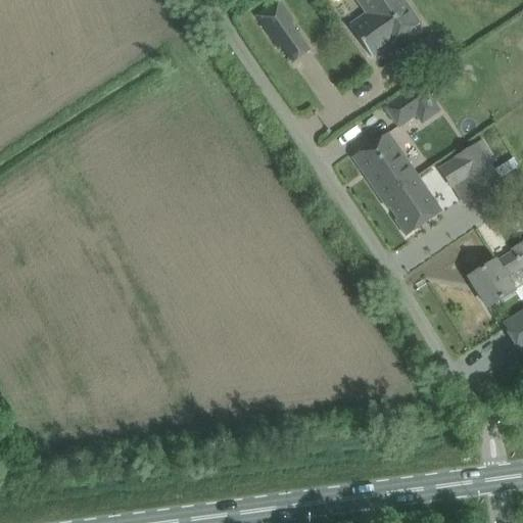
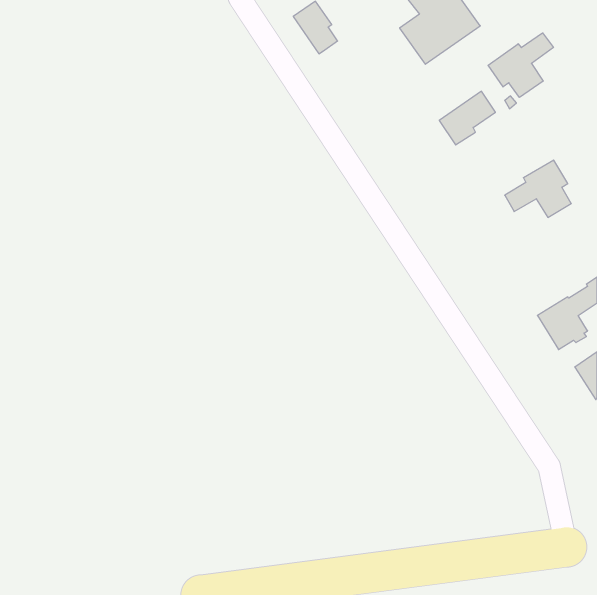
building: none -> [488,33,553,97]
building: [351,132,441,235] -> none

